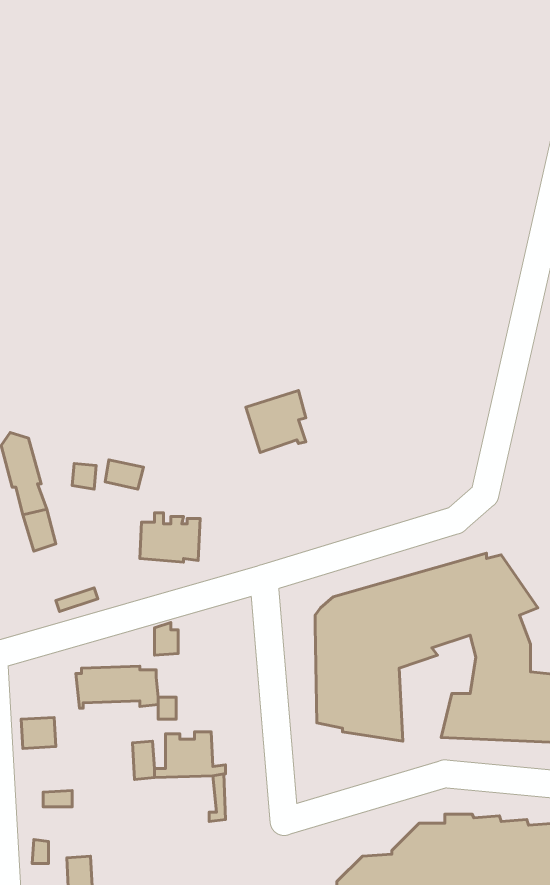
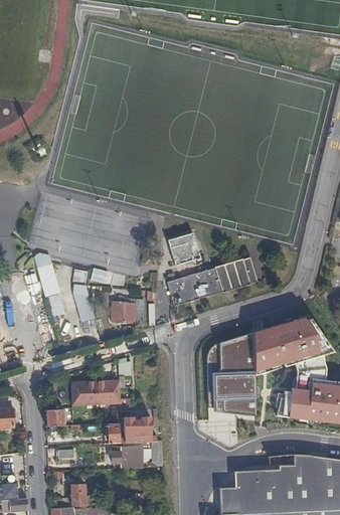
building: none -> [167,258,258,306]
building: none -> [73,283,95,321]
building: none -> [112,443,143,466]

